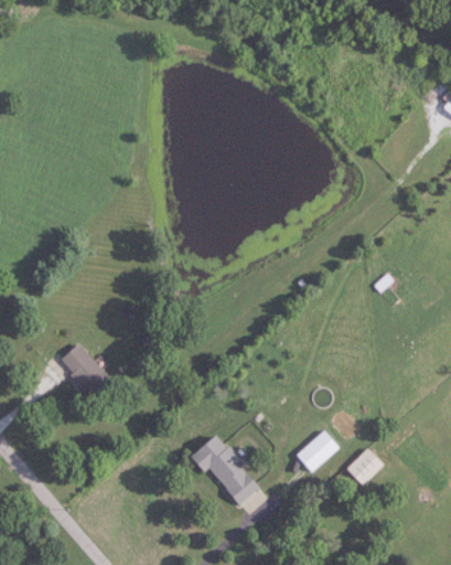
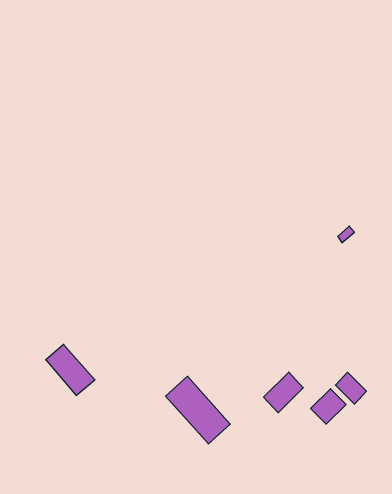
building: [60,344,111,398] -> [46,344,95,395]
building: none -> [335,372,366,404]

